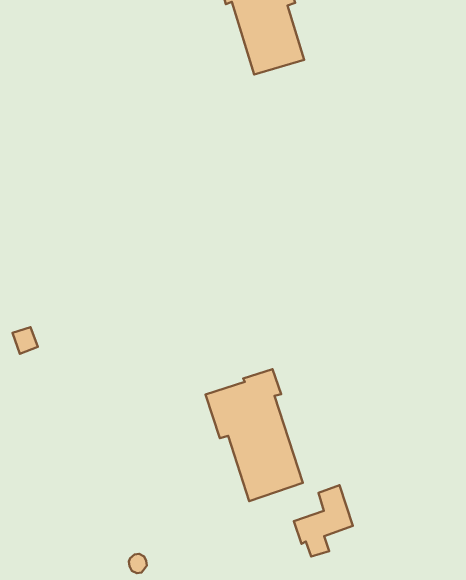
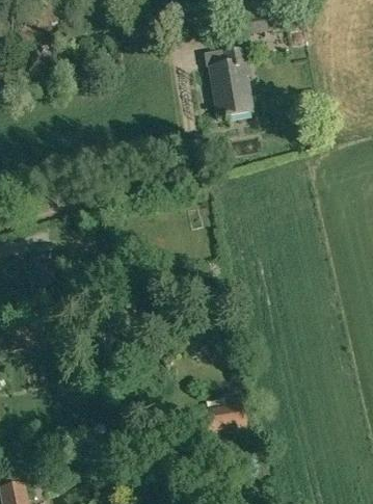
building: [206,369,303,501] -> none

